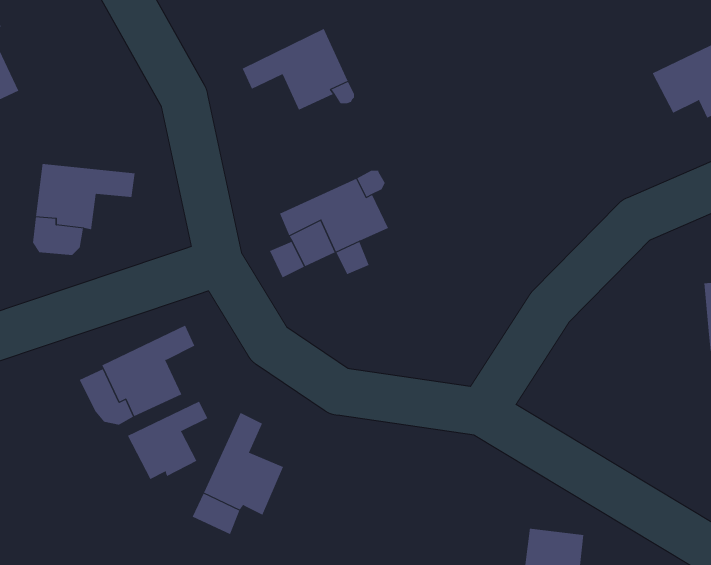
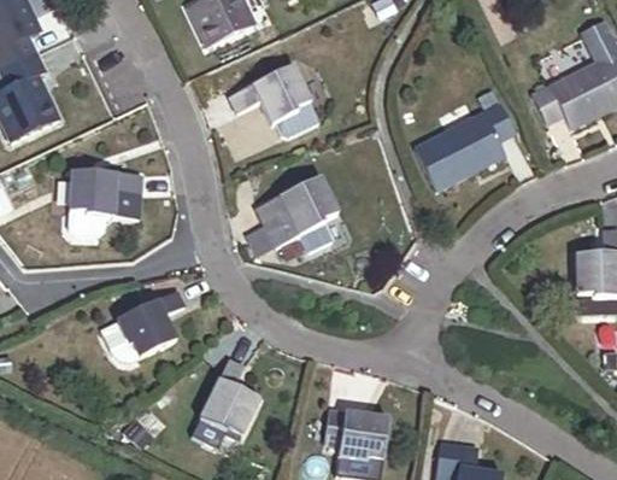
building: none -> [415,104,517,189]
building: [127,401,208,480] -> none
building: none -> [318,410,384,462]

